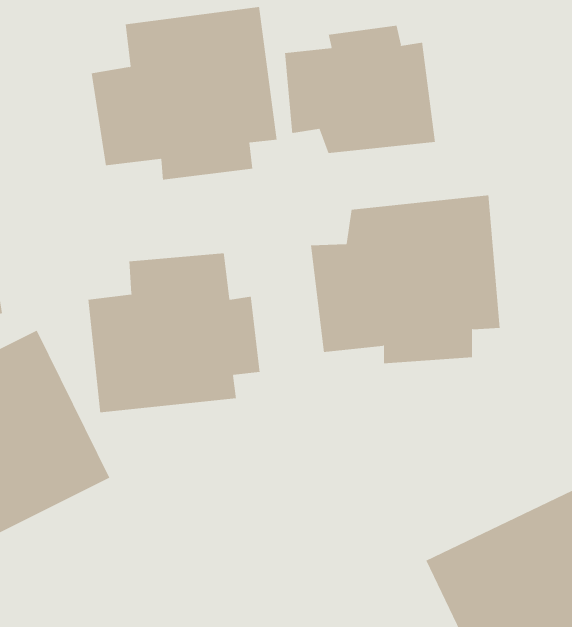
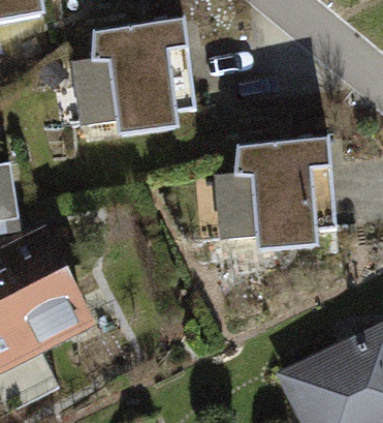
building: [284,25,435,154] -> none
building: [88,253,260,413] -> none

